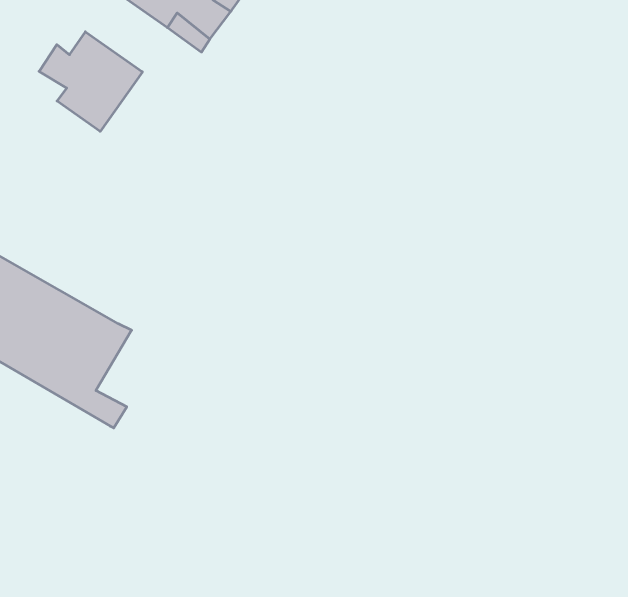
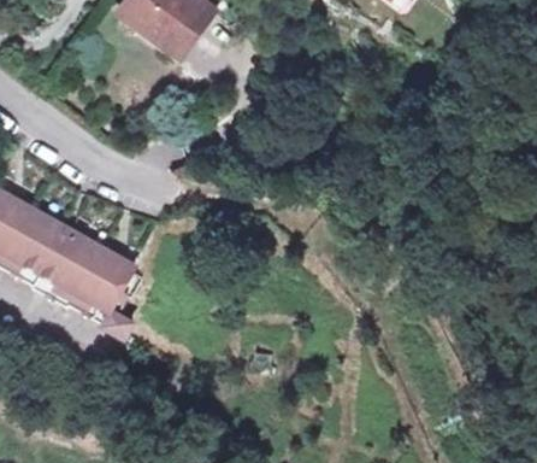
building: [39,32,142,131] -> none

